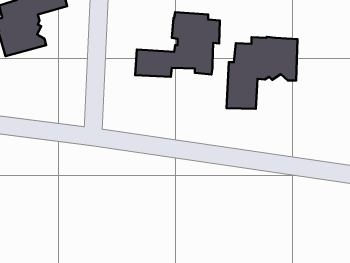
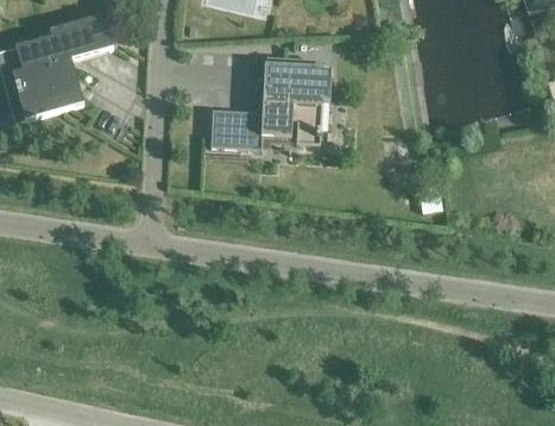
building: [227,37,297,109] -> none

